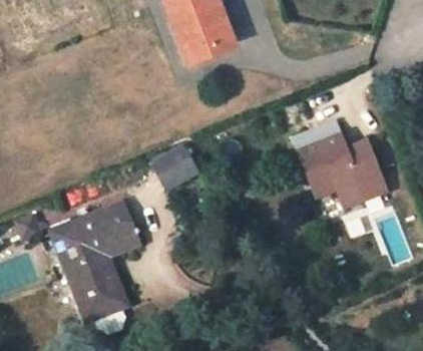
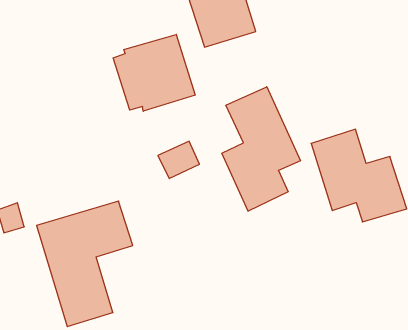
building: none -> [113,34,195,111]
building: none -> [222,87,301,211]

